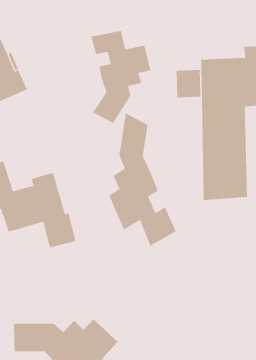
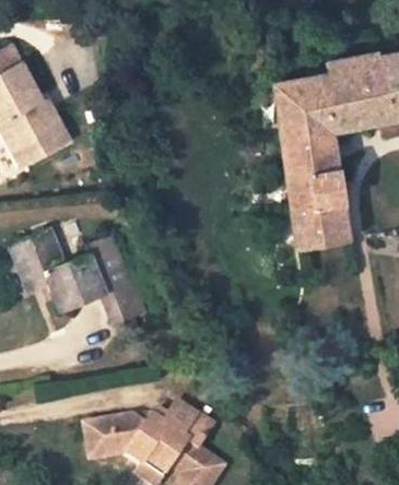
building: [90,30,151,124] -> none
building: [108,113,177,247] -> none

